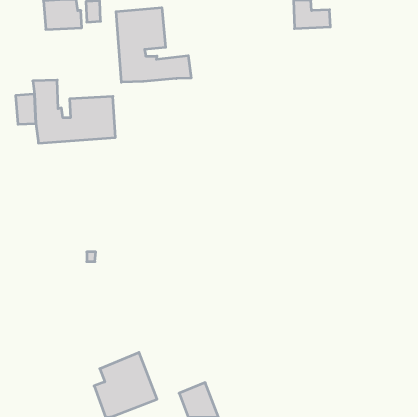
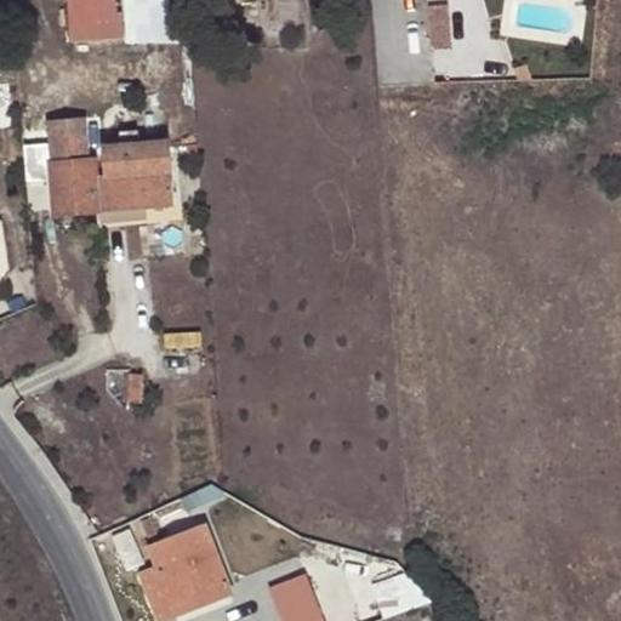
building: [116,8,191,82] -> none

